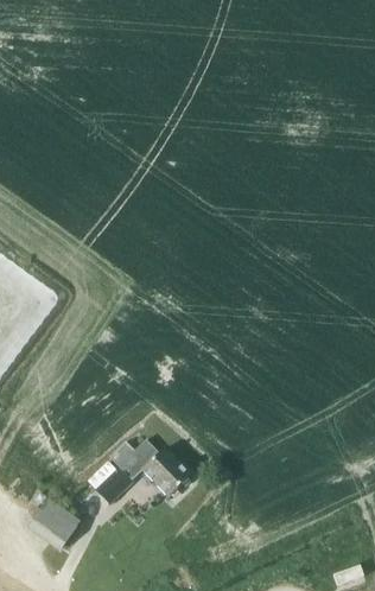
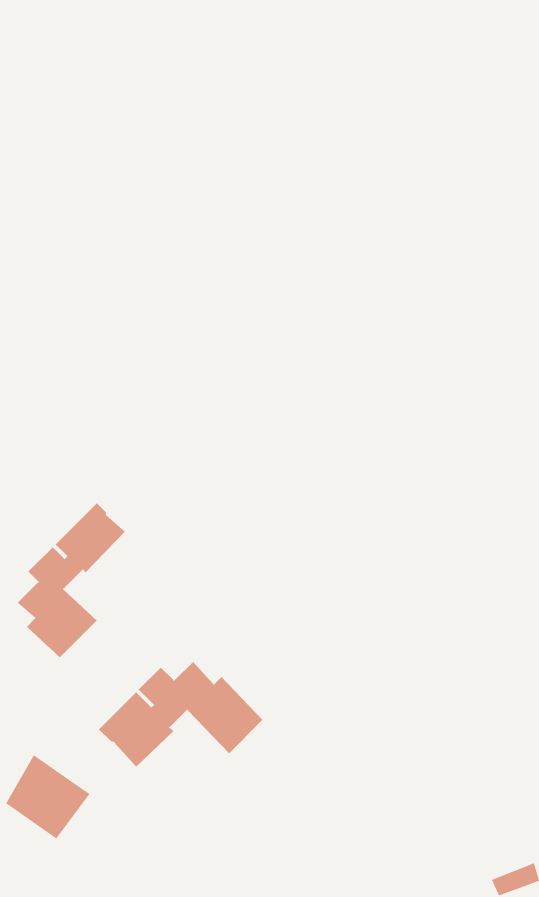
building: none -> [17,502,126,658]

